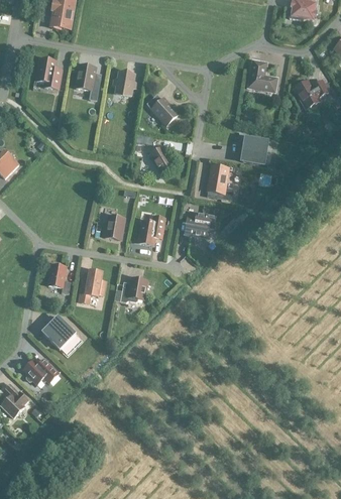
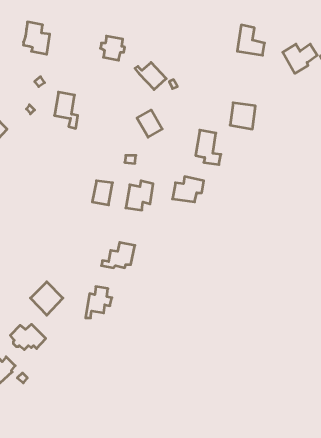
building: [75,64,98,100] -> [54,92,78,128]
building: [47,263,70,292] -> none
building: [79,269,105,300] -> [86,287,112,318]

